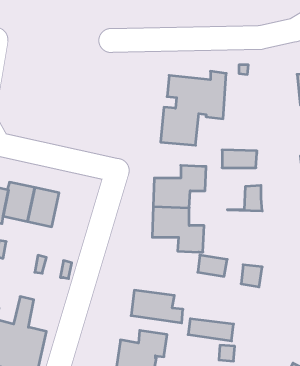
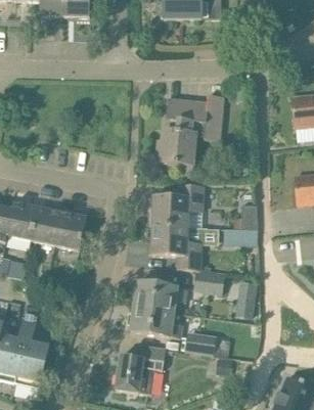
building: [222,150,257,168] -> [224,228,258,245]
building: none -> [54,212,86,249]
building: none -> [134,281,186,311]

